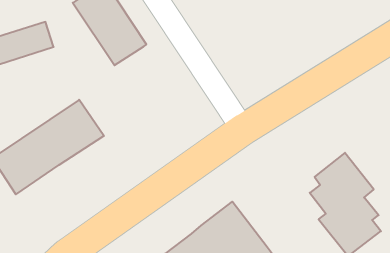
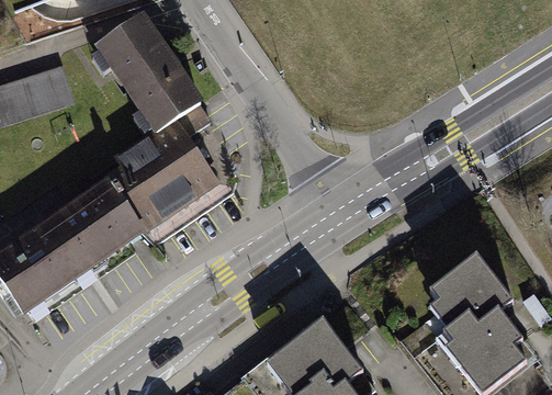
building: none -> [111,106,215,228]

